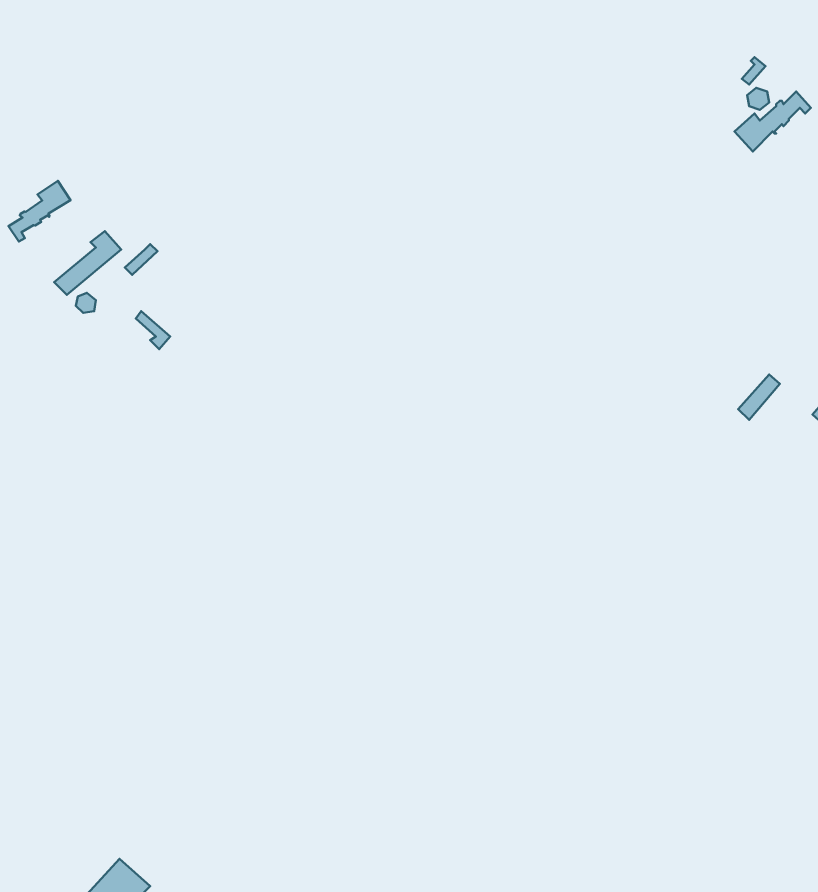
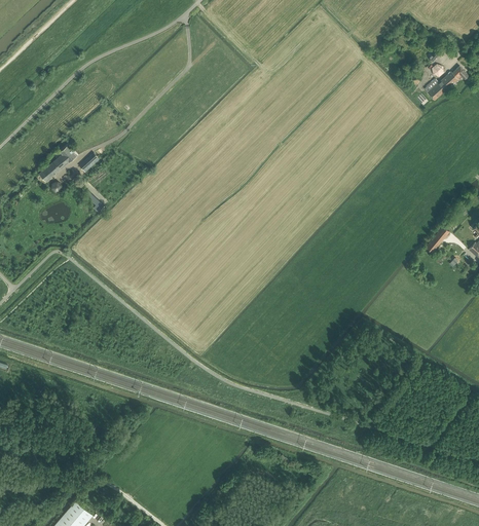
building: [9,181,70,242] -> none

